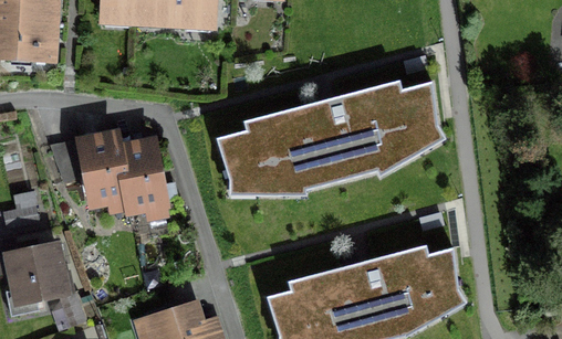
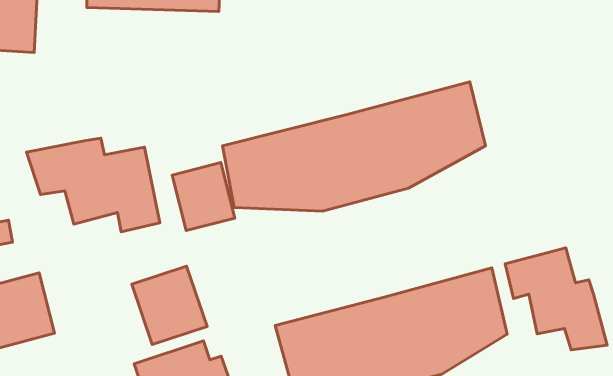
building: none -> [172,163,235,231]
building: none -> [505,248,607,350]
building: none -> [132,266,207,344]

